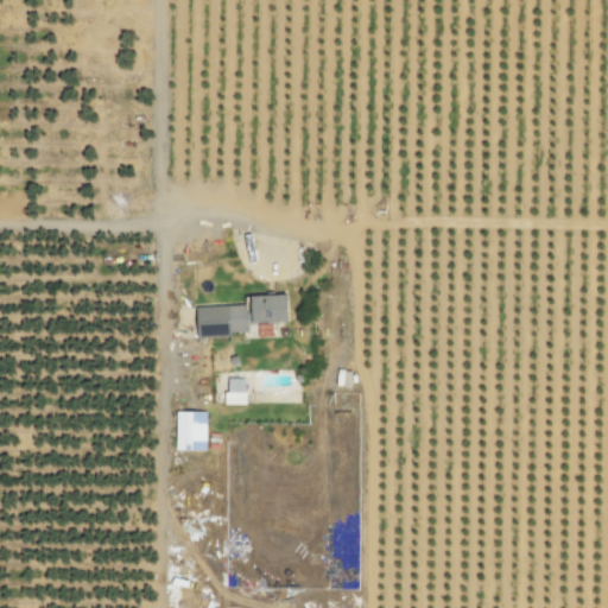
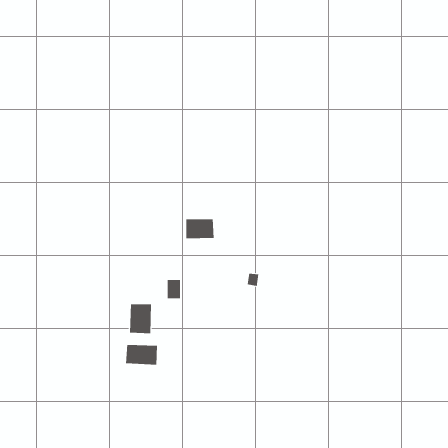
building: [198,304,248,336] -> none
building: none -> [125,344,157,366]

